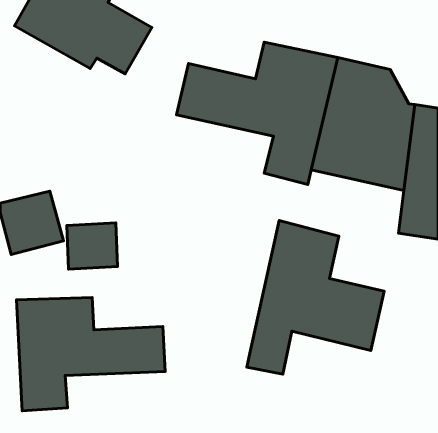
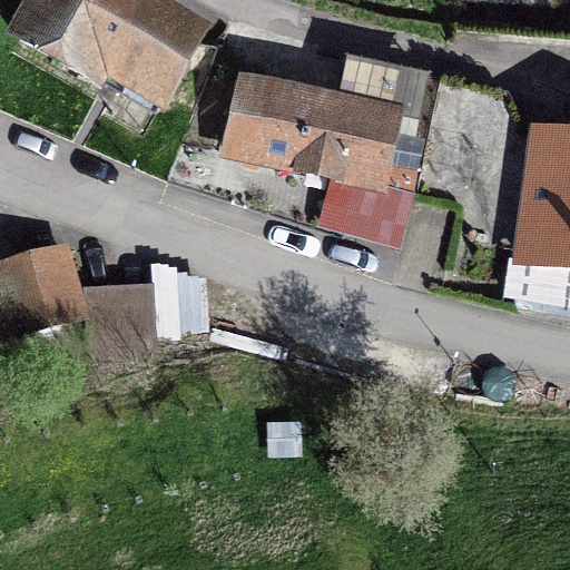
building: [247,220,384,374] -> none
building: [16,297,165,411] -> none

